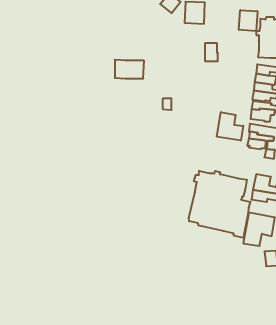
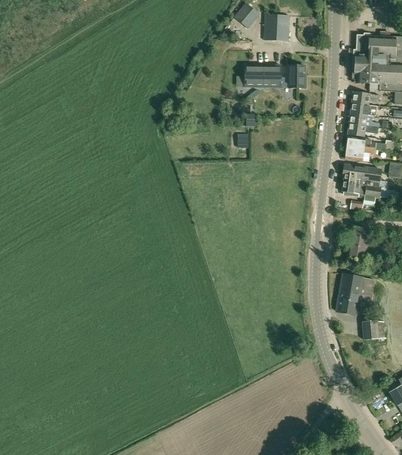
building: [239,10,257,31] -> none
building: [115,60,144,79] -> [245,64,281,87]
building: [217,112,243,141] -> none
building: [189,171,250,238] -> none

